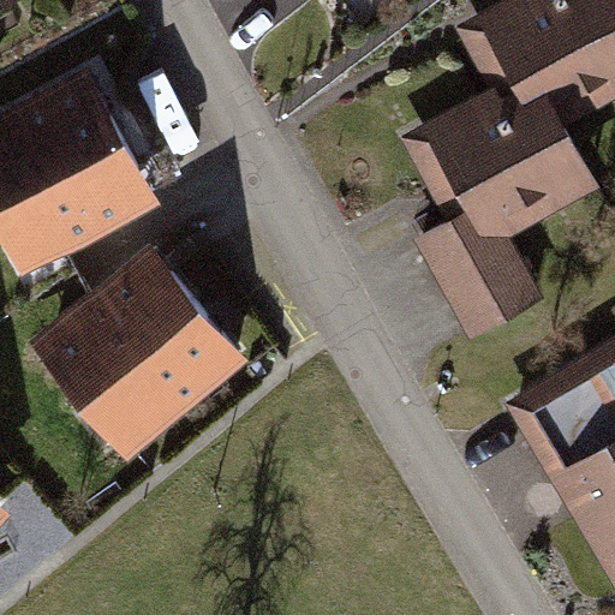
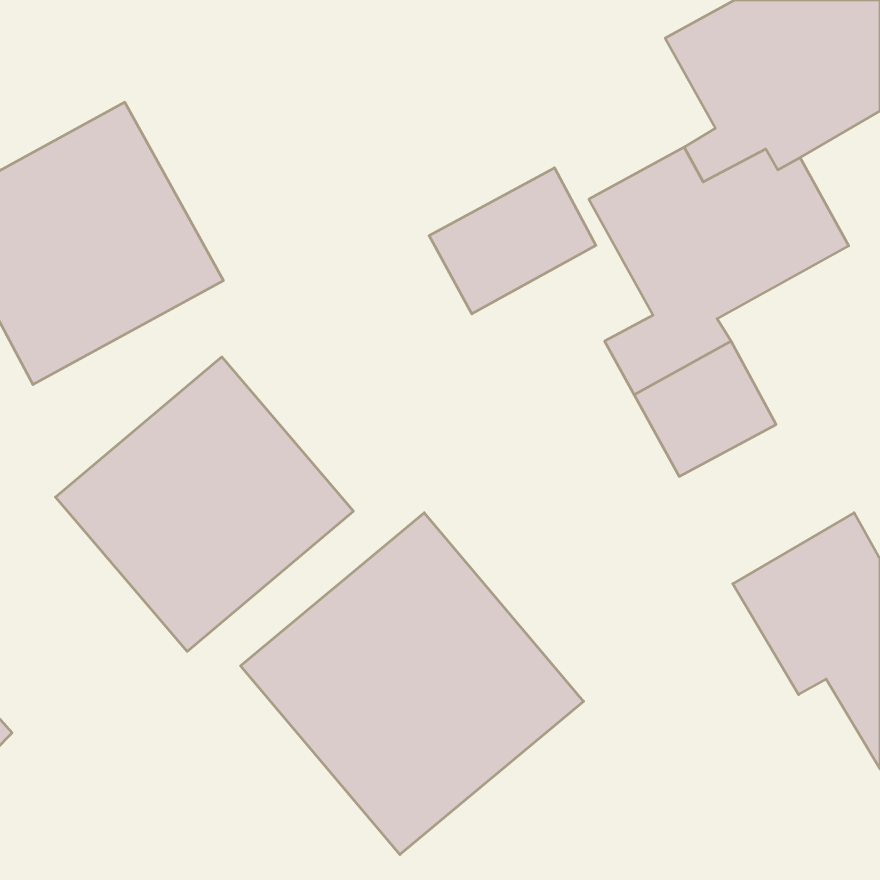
building: none -> [429,168,596,314]
building: none -> [241,513,584,855]

